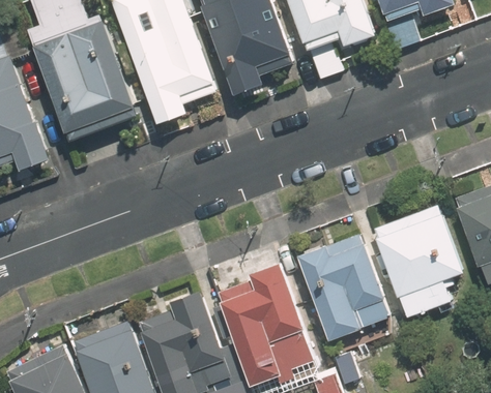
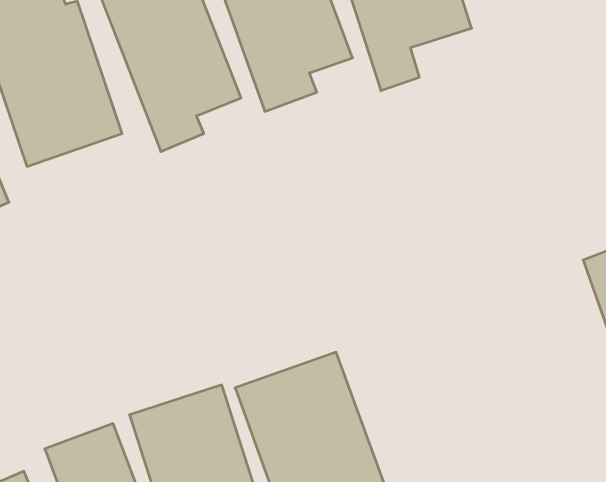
building: [373,204,463,297] -> none
building: [295,236,389,339] -> none

